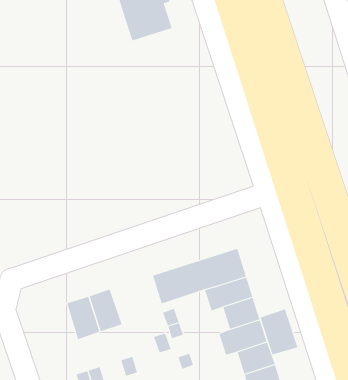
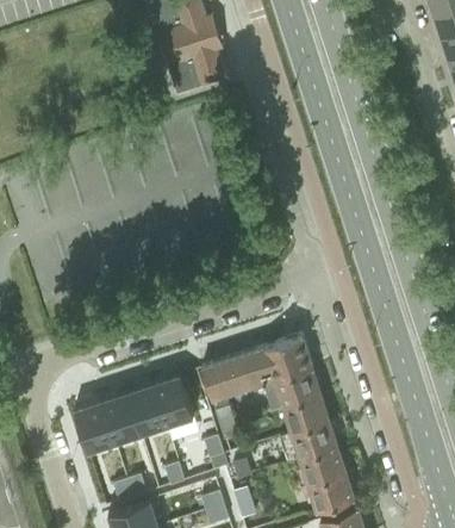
building: none -> [152,377,194,427]
building: none -> [74,402,114,453]
building: [260,309,298,355] -> none

